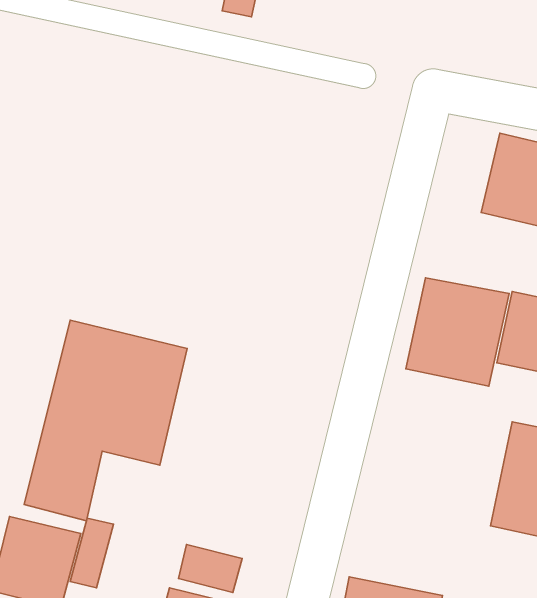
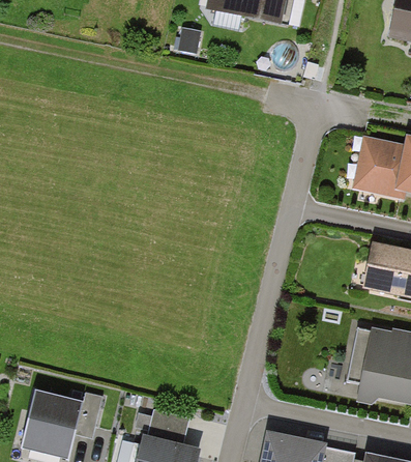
building: [406,278,509,386] -> none
building: [24,320,187,521] -> none

